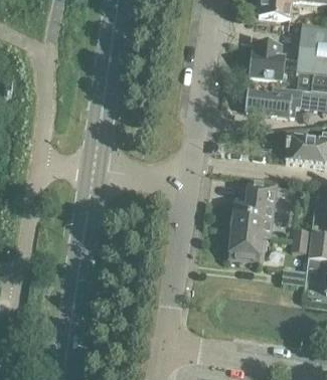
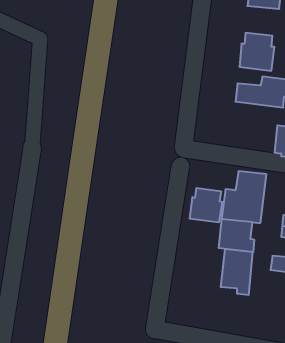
building: none -> [190,188,222,222]
building: none -> [221,249,253,295]

